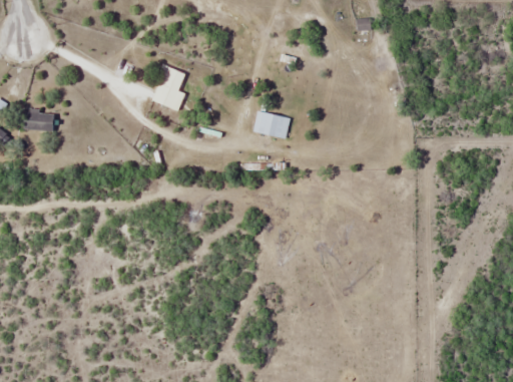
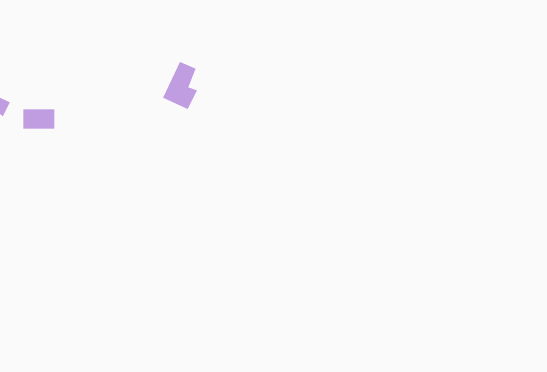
building: [252,111,290,139] -> none

